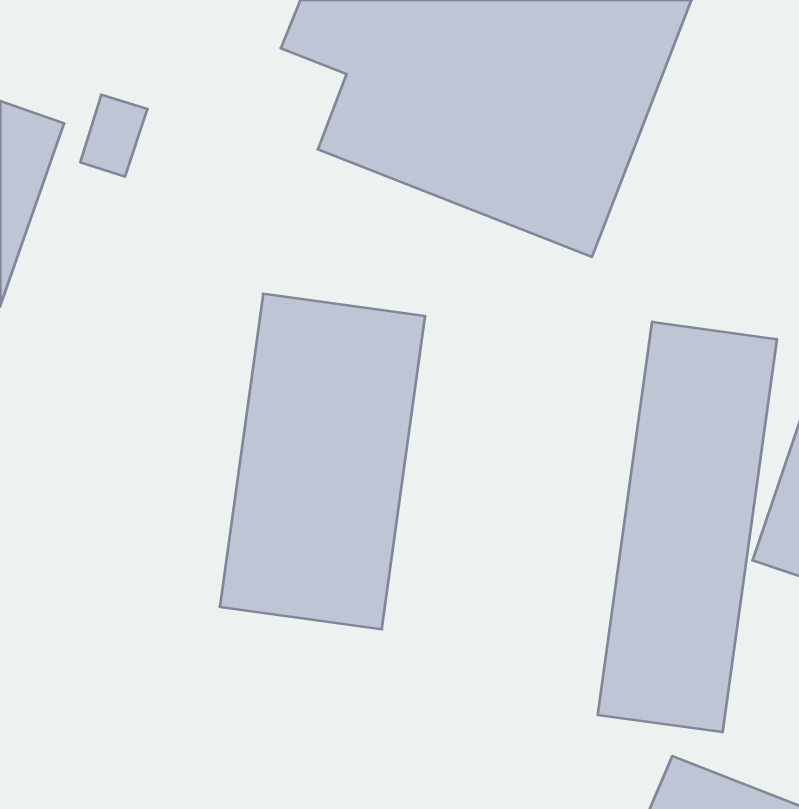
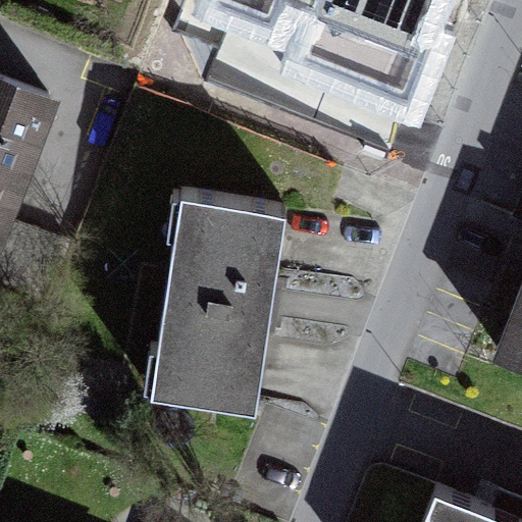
building: [598,322,777,732] -> none

